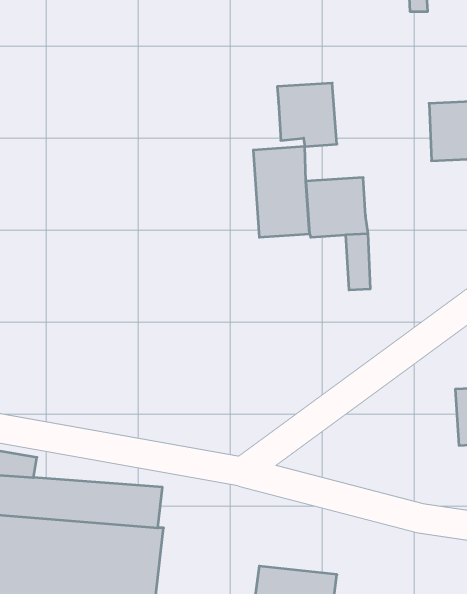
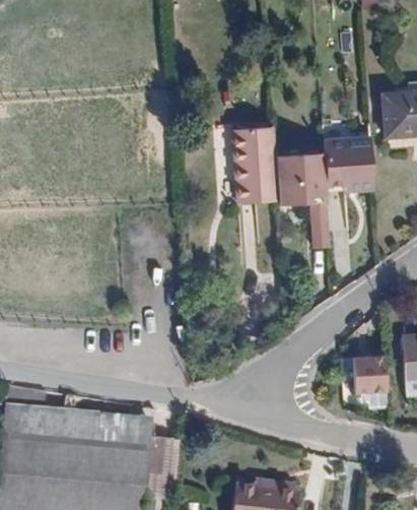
building: [277,83,337,146] -> [324,137,374,191]
building: none -> [354,357,390,394]

